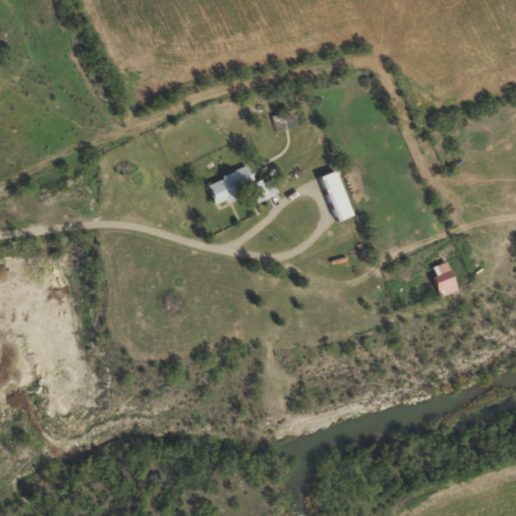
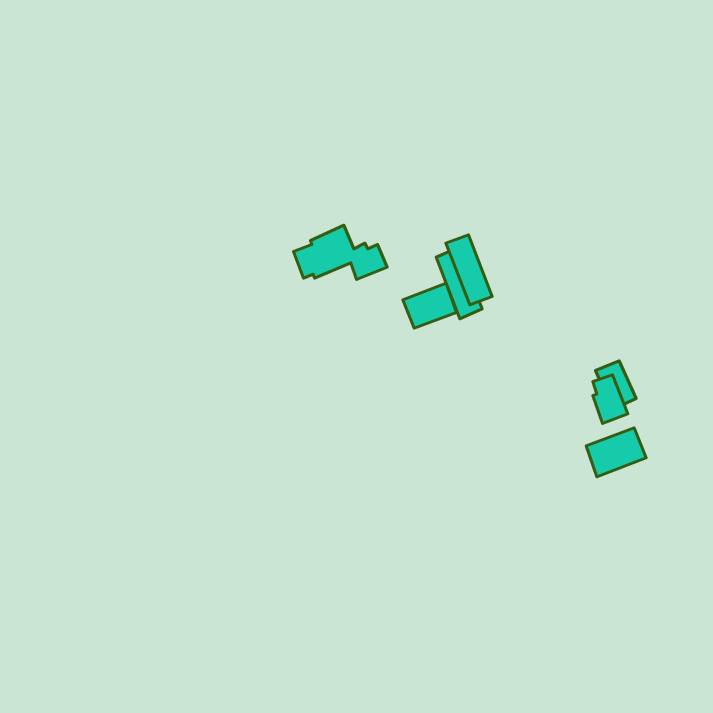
building: none -> [403,283,456,328]
building: none -> [586,428,646,477]

